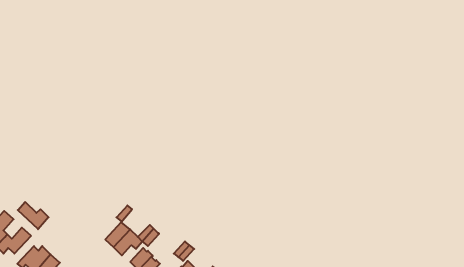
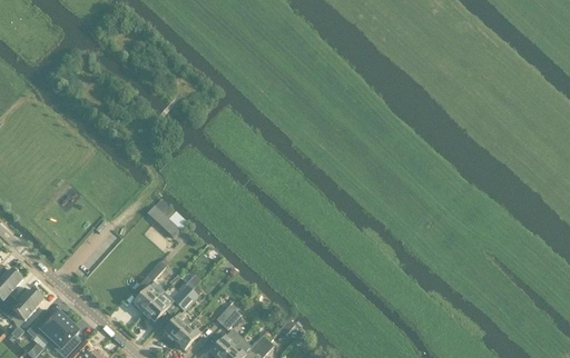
building: none -> [146,197,180,237]
building: [18,202,49,229] -> none

